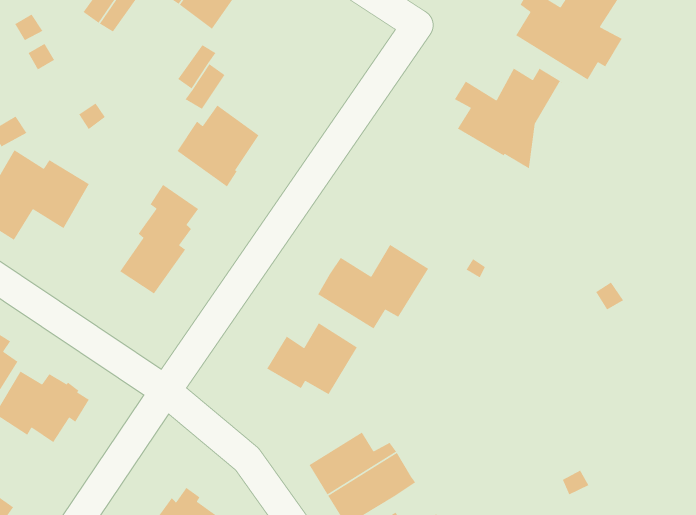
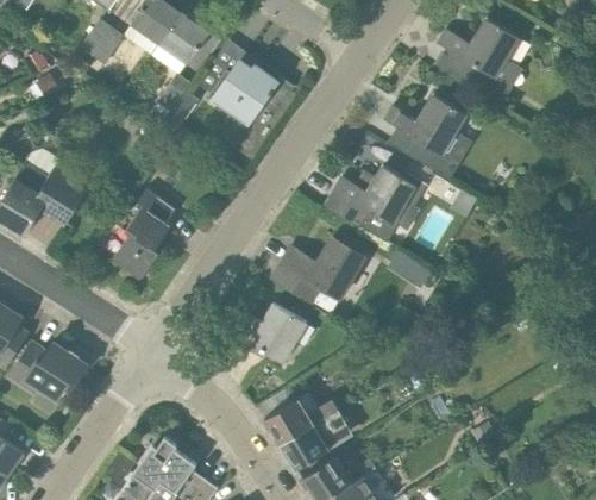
building: [176,105,259,188] -> [208,55,276,123]
building: none -> [324,164,427,242]

